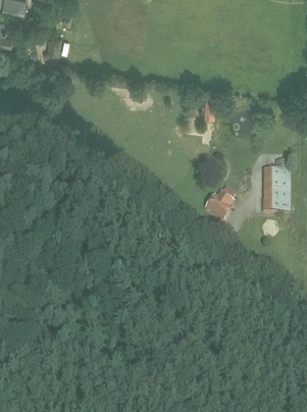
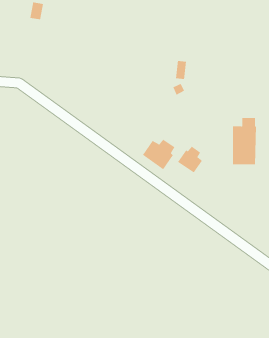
building: none -> [142,139,175,170]

